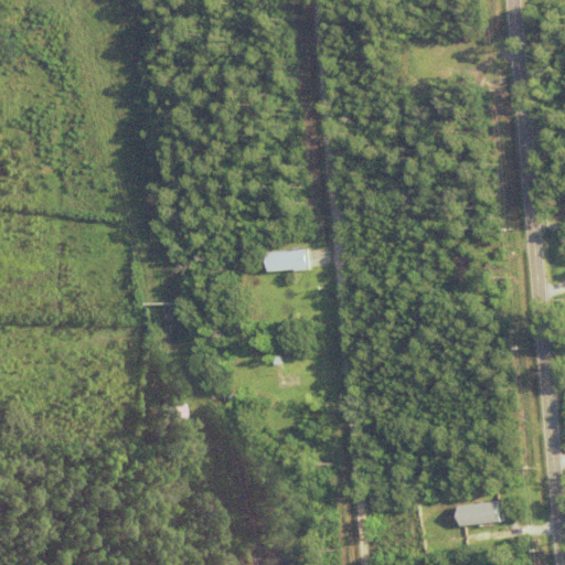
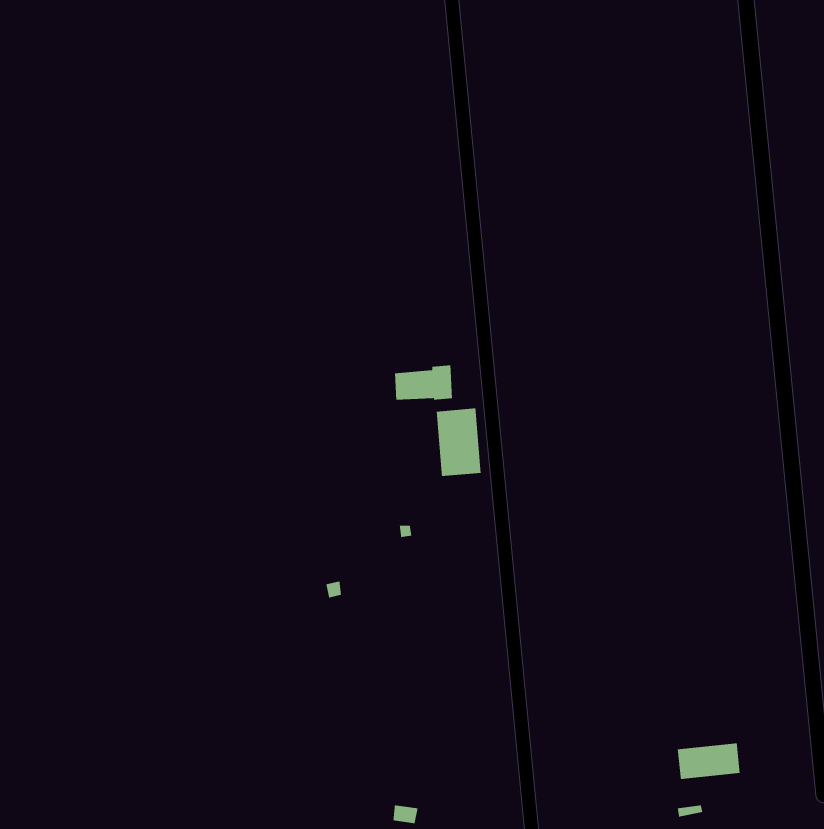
building: none -> [436,408,482,477]

